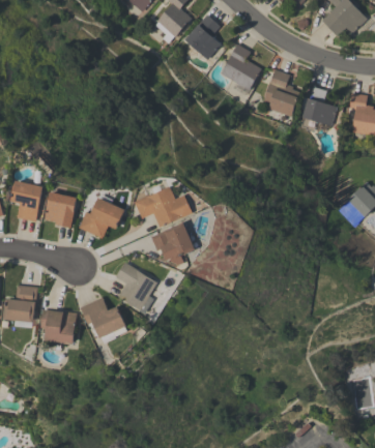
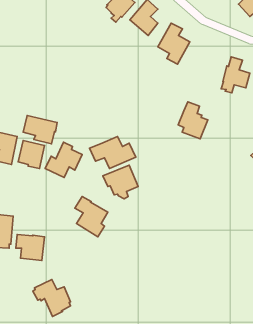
building: [262,69,299,116] -> [178,102,208,139]
building: none -> [23,115,57,144]
building: [78,297,125,344] -> [33,280,71,317]

